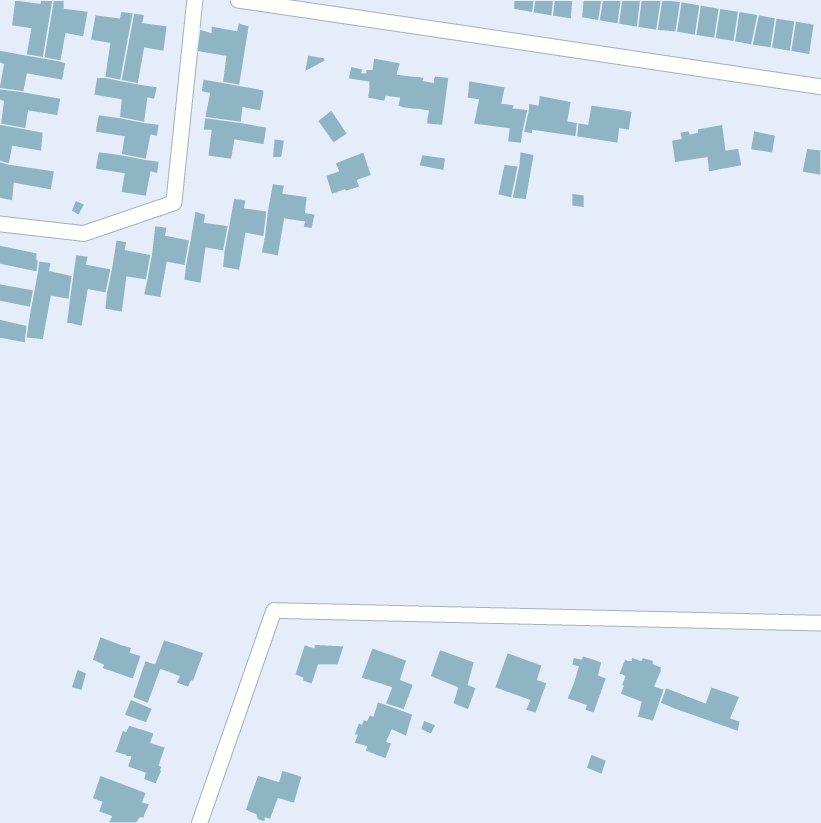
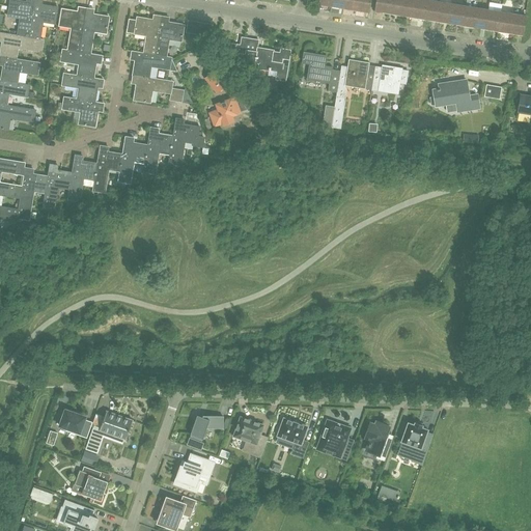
building: none -> [155,17,184,57]
building: [660,686,740,732] -> none
building: [354,701,413,759] -> [174,454,213,492]

